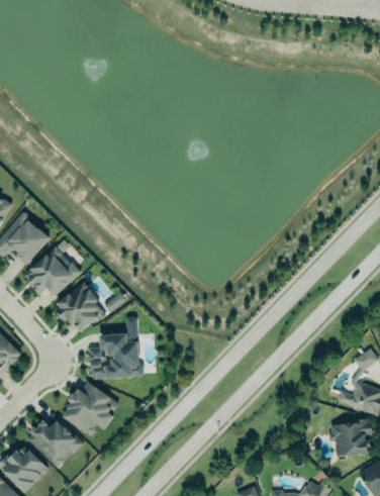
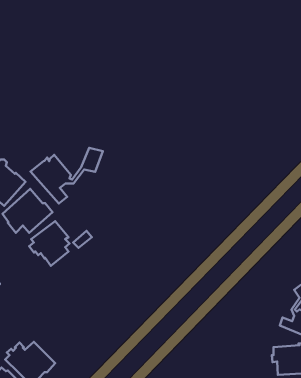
building: none -> [31,148,103,203]
building: [88,332,144,379] -> none
building: [63,381,119,435] -> none

